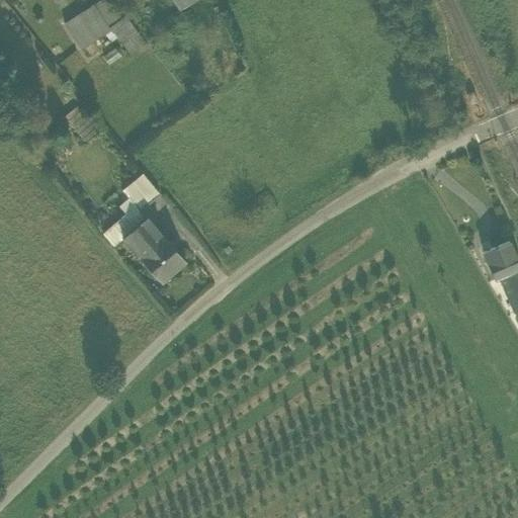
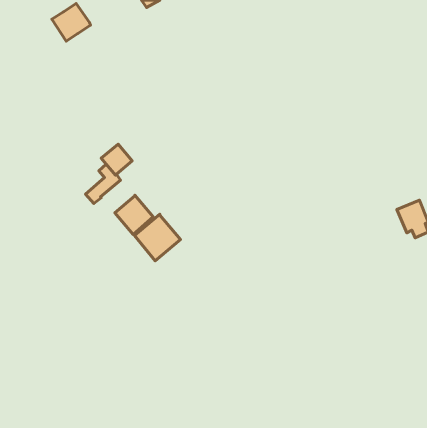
building: [122,217,164,257] -> none
building: none -> [135,214,181,261]

